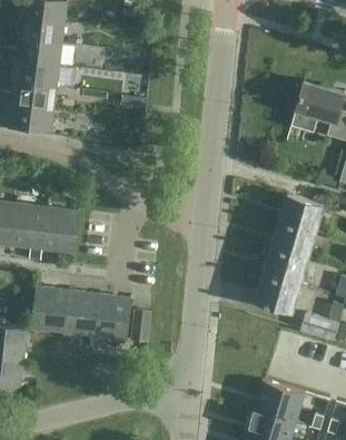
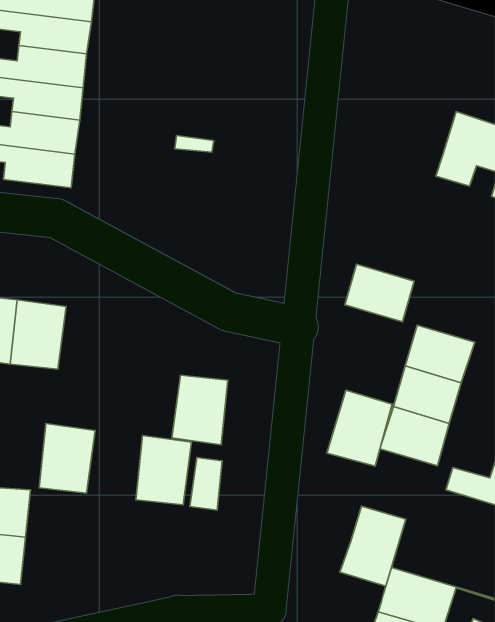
building: [279,194,325,232] -> [345,264,414,322]
building: [43,208,80,254] -> none
building: none -> [327,390,392,466]
building: [62,290,99,335] -> [172,375,228,445]
building: none -> [340,506,406,586]

